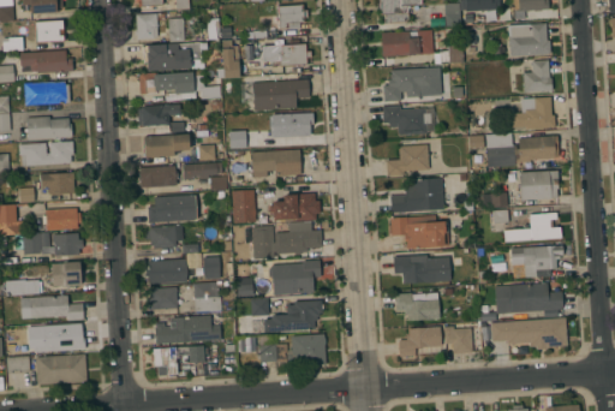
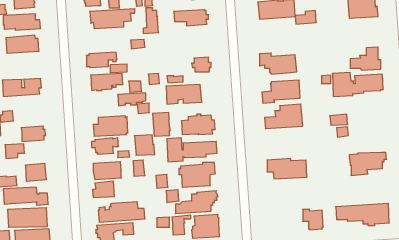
building: [523,60,553,93] -> none
building: [383,67,431,102] -> none
building: [139,72,204,101] -> none
building: [240,79,310,112] -> none
building: [25,117,72,141] -> none
building: [139,166,179,187] -> none
building: [519,171,559,201] -> none
building: [41,172,76,195] -> none
building: [504,213,561,242] -> none
building: [390,215,449,250] -> none
building: [53,233,83,256] -> none
building: [193,284,222,312] -> [134,135,155,155]
building: [495,284,563,314] -> none
building: [395,293,440,321] -> none
building: [399,327,442,357] -> none

